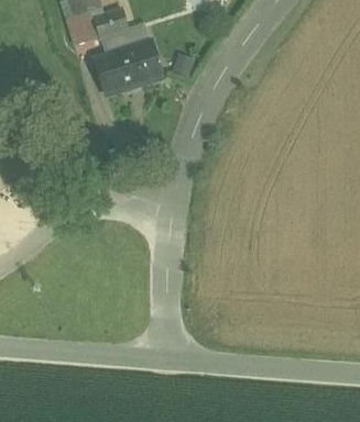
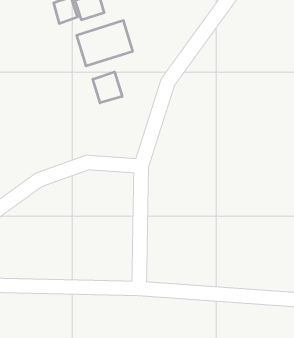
building: none -> [93,72,122,103]

